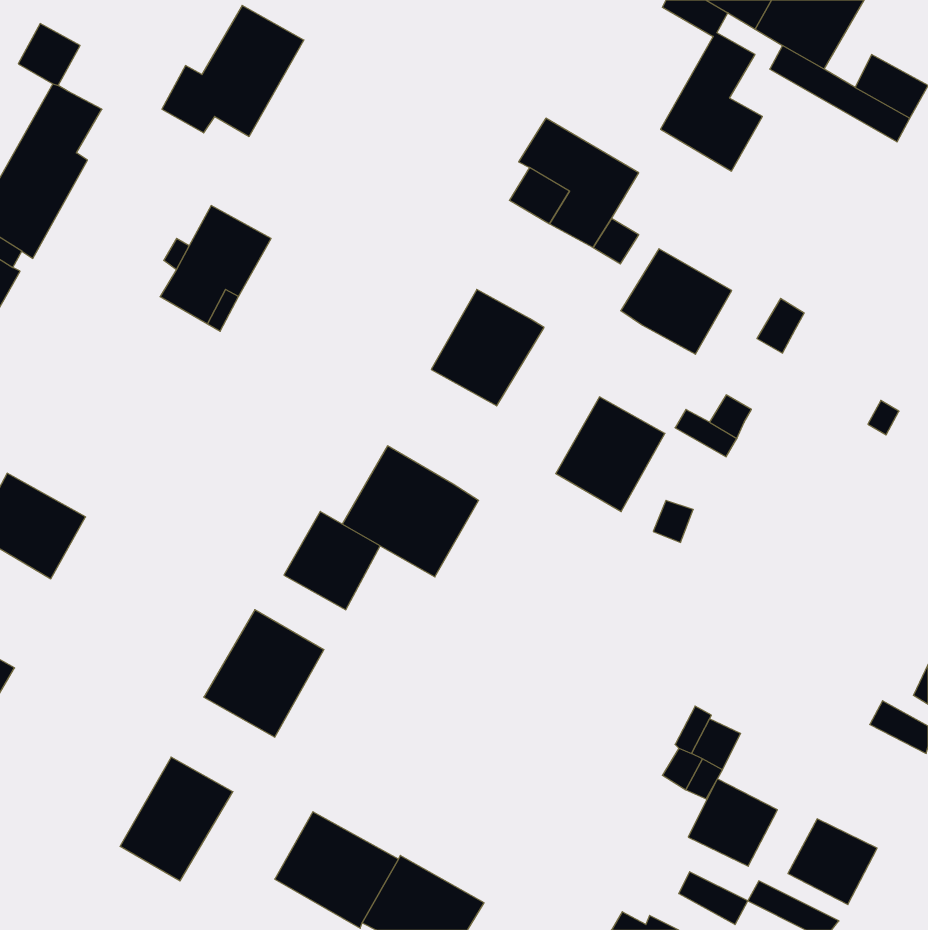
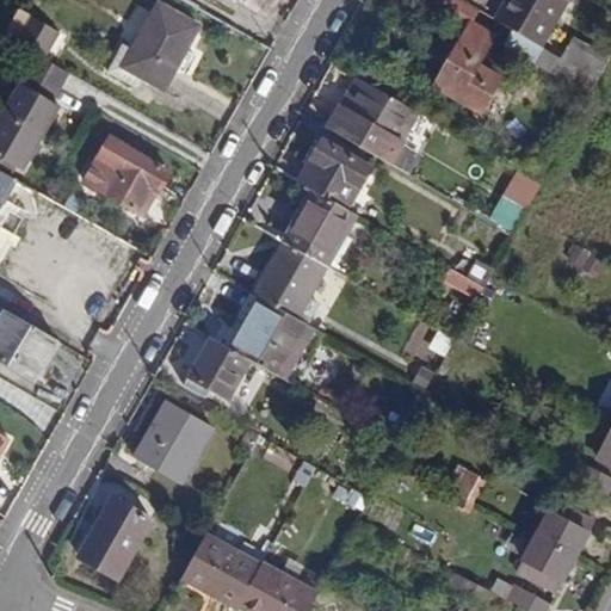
building: [621,249,732,354] -> [298,140,371,209]
building: [556,397,665,512] -> [254,242,326,317]
building: [688,779,777,866] -> [536,499,594,556]

